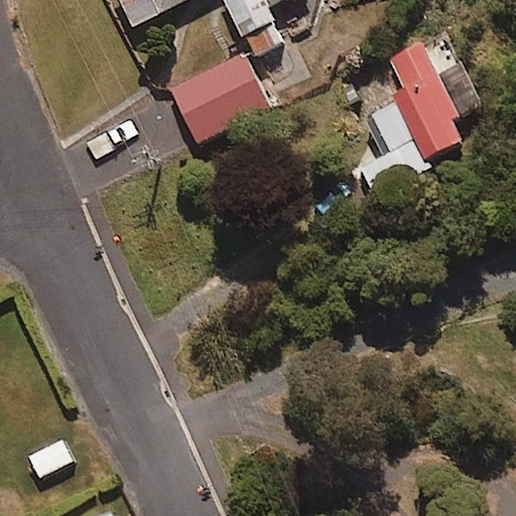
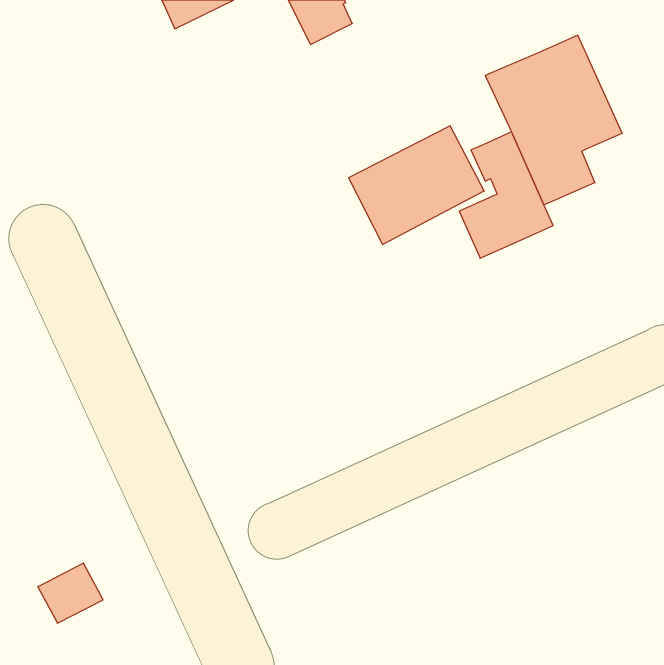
building: [170,50,275,142] -> [349,126,484,244]

